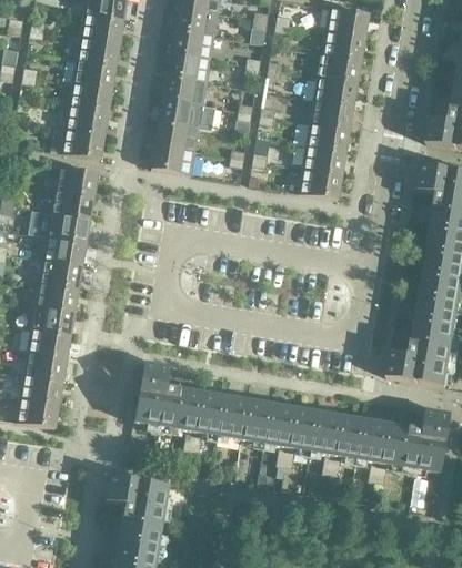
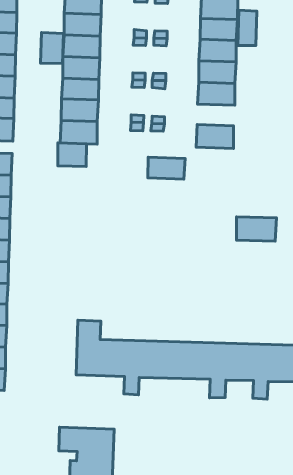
building: none -> [41,33,63,64]
building: none -> [238,10,257,46]
building: [302,144,345,173] -> [148,157,185,179]
building: none -> [58,143,86,167]
building: none -> [236,217,276,241]

